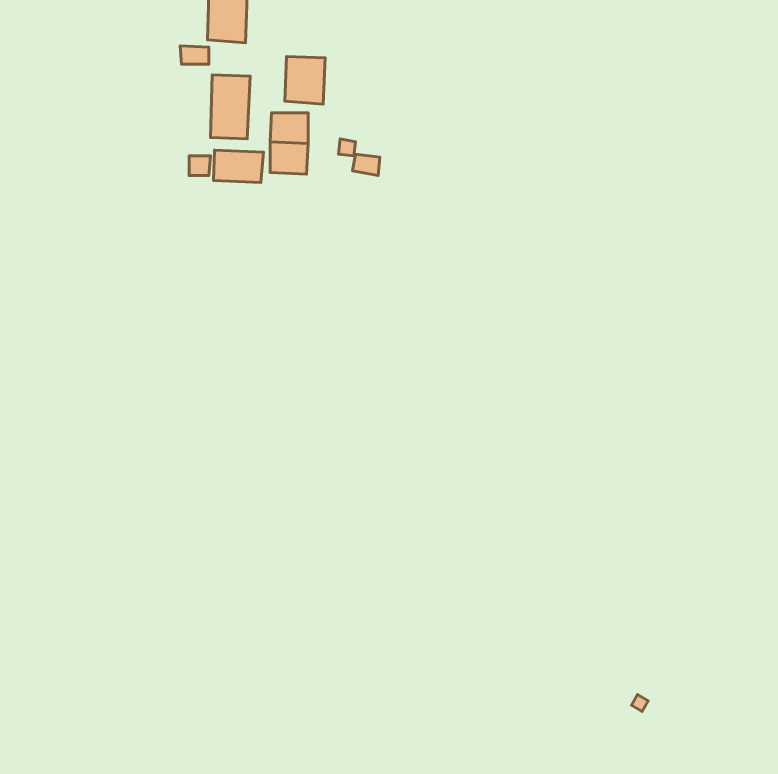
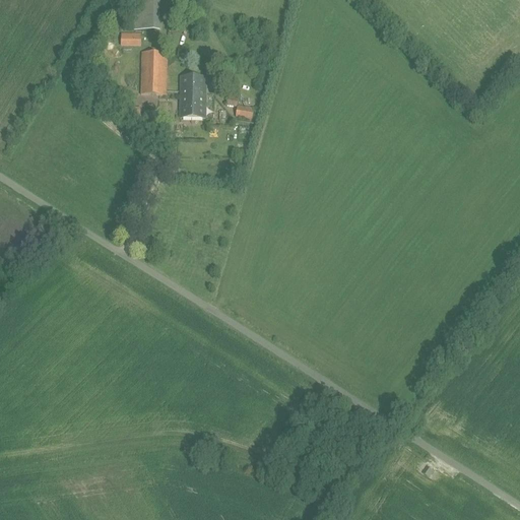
building: [285,57,325,104] -> none
building: [214,150,263,182] -> none

